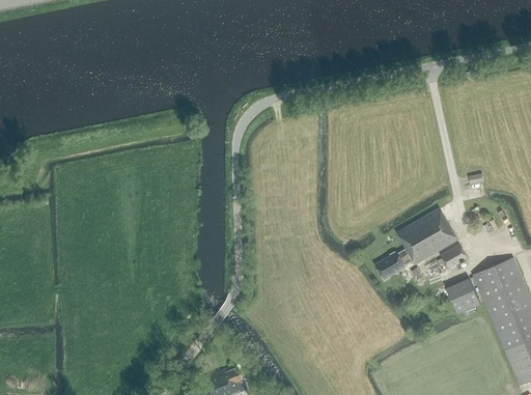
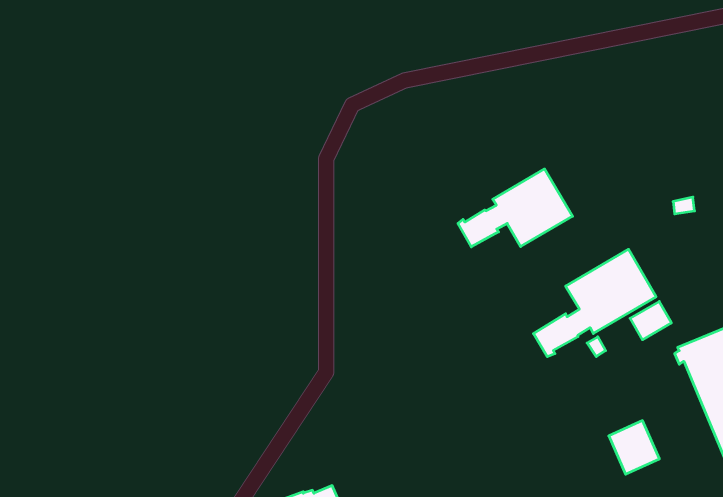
building: none -> [458,169,573,247]
building: [446,277,480,313] -> [609,421,659,474]

